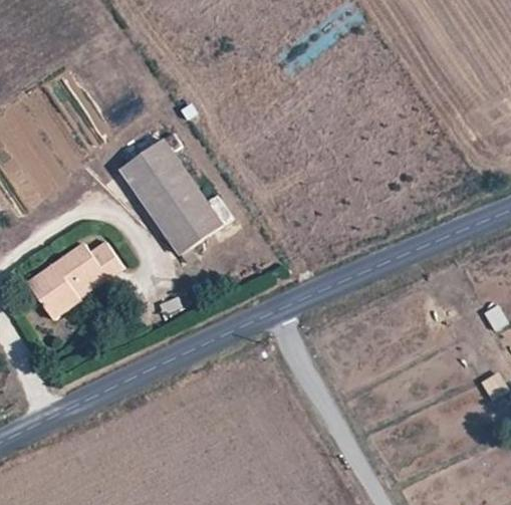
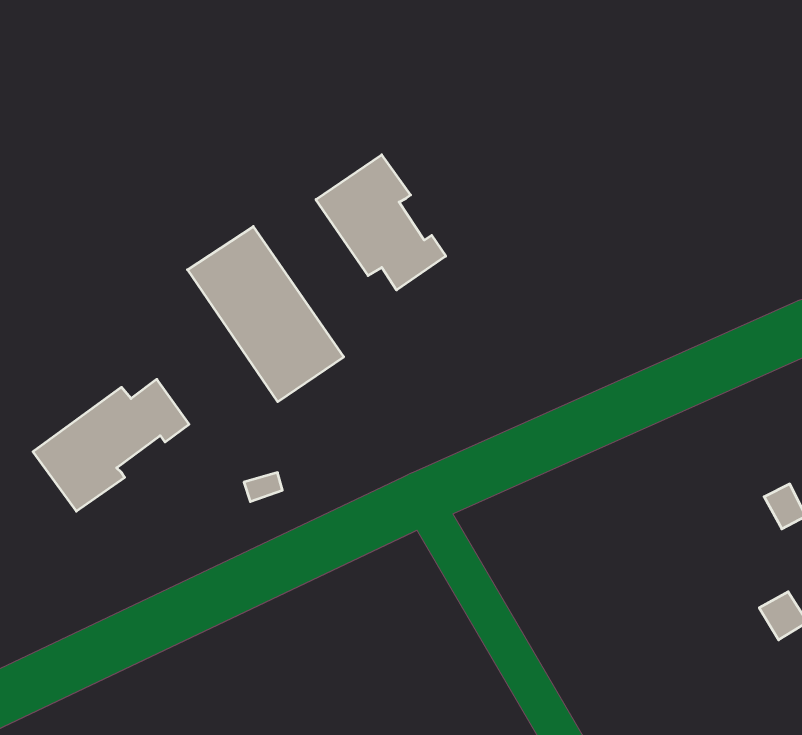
building: none -> [316,155,446,290]

